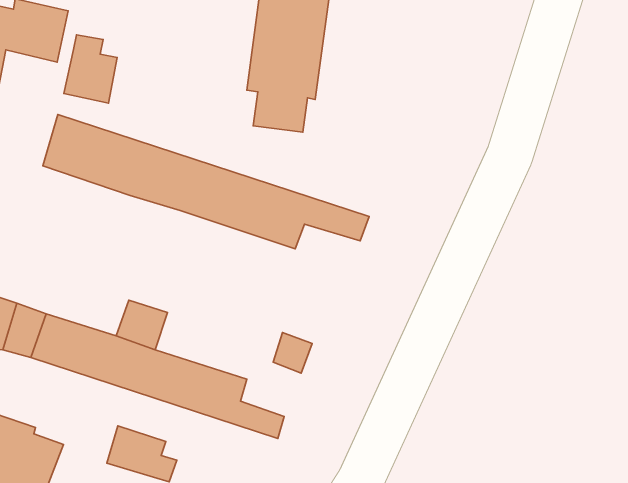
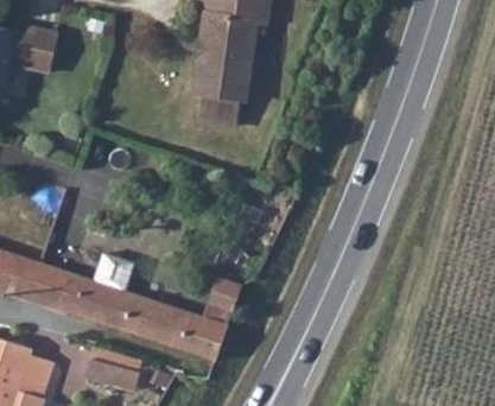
building: [64,35,117,103] -> none
building: [43,115,369,249] -> none

